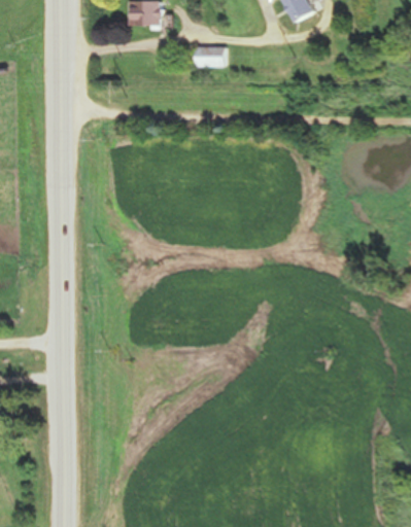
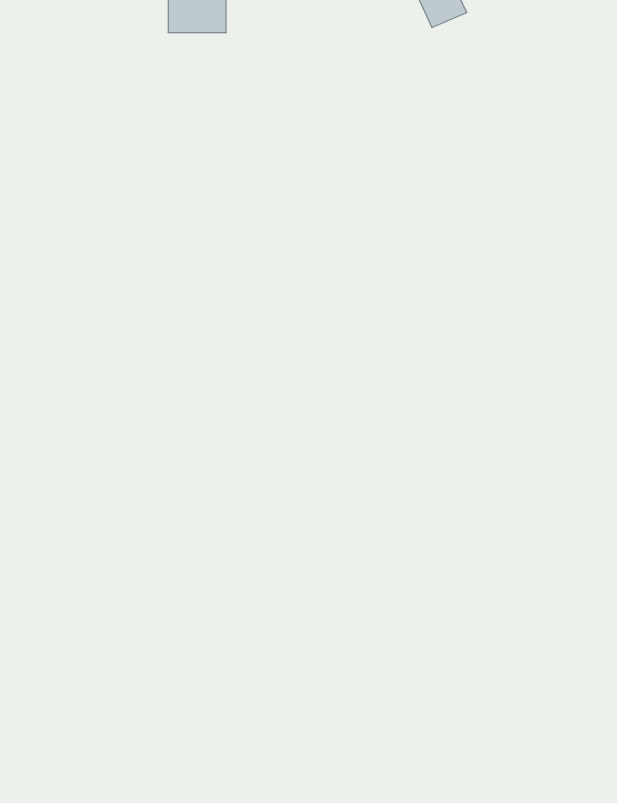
building: [192,46,224,67] -> none

